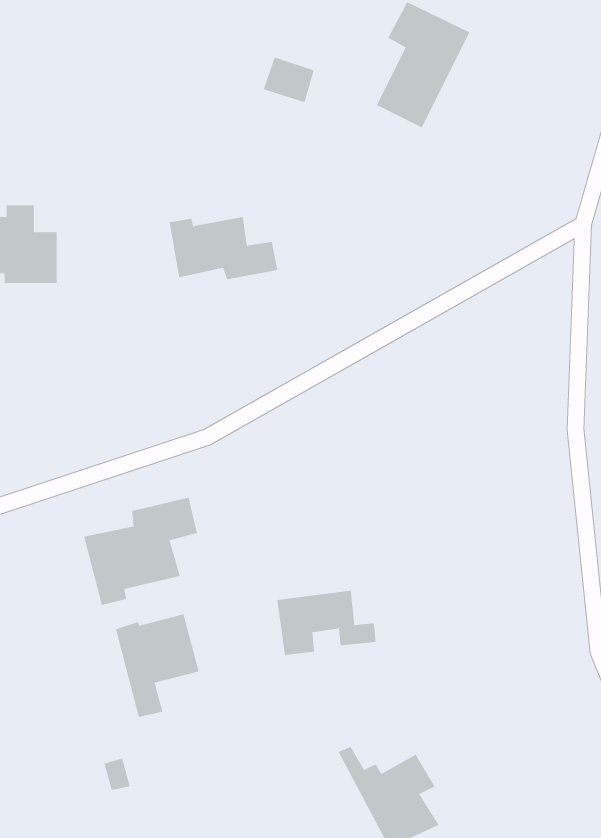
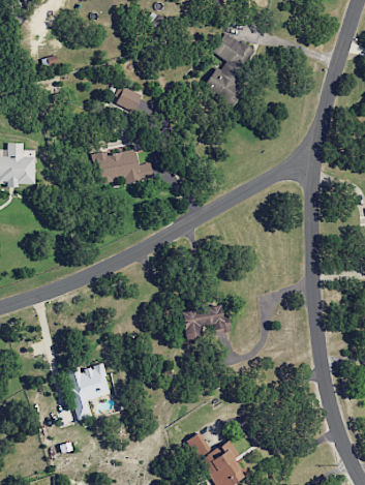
building: [263,57,315,103] -> [115,86,143,111]
building: [84,497,197,606] -> none
building: [277,590,376,656] -> [178,304,232,339]

